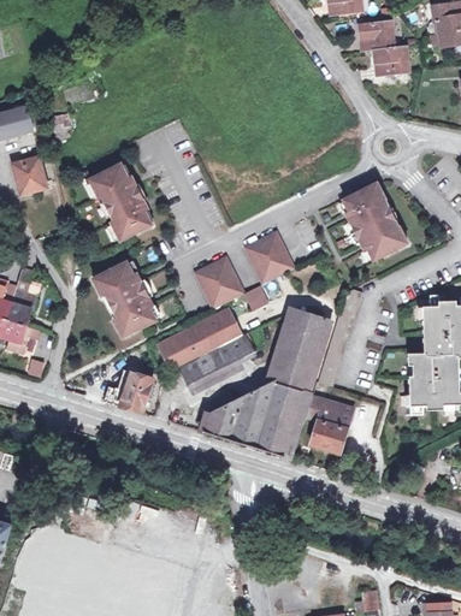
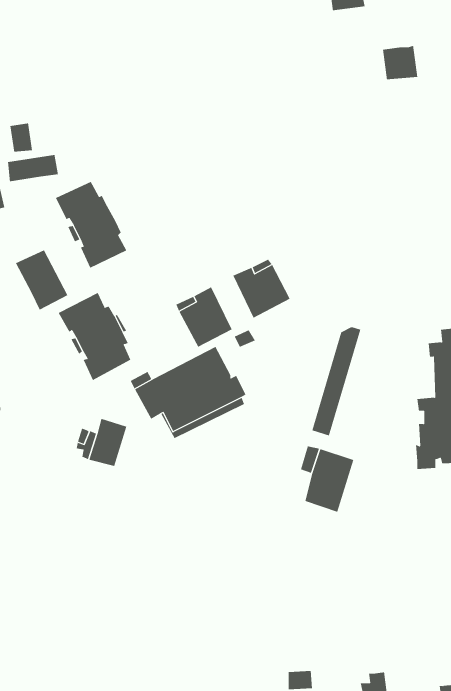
building: [361,20,391,51] -> none
building: none -> [8,154,59,182]
building: [342,182,407,259] -> none
building: none -> [15,250,68,311]
building: [197,313,320,455] -> none

